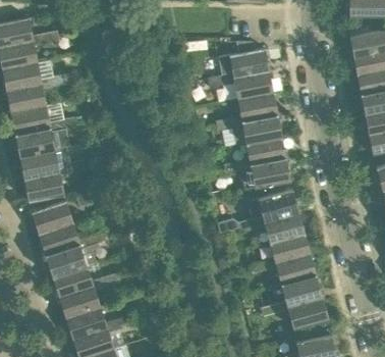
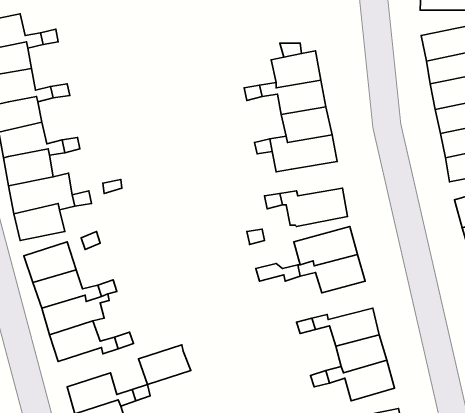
building: [245,137,286,164] -> none
building: [270,233,311,263] -> none
building: [59,286,101,317] -> [139,345,191,384]

